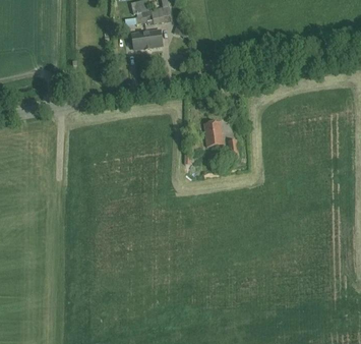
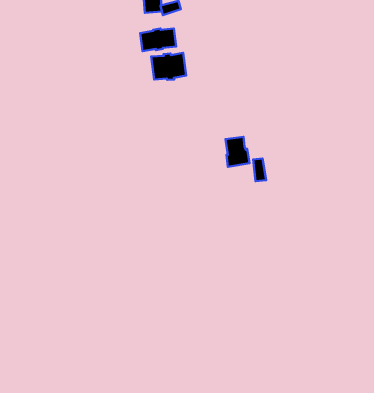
building: none -> [151,53,186,80]

